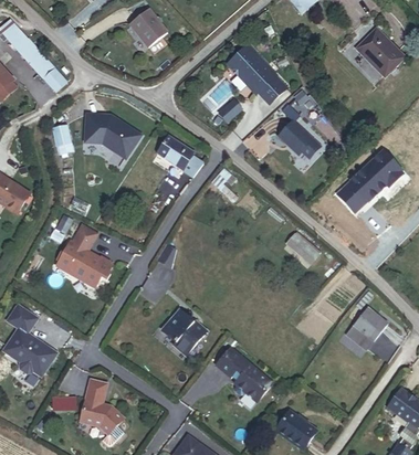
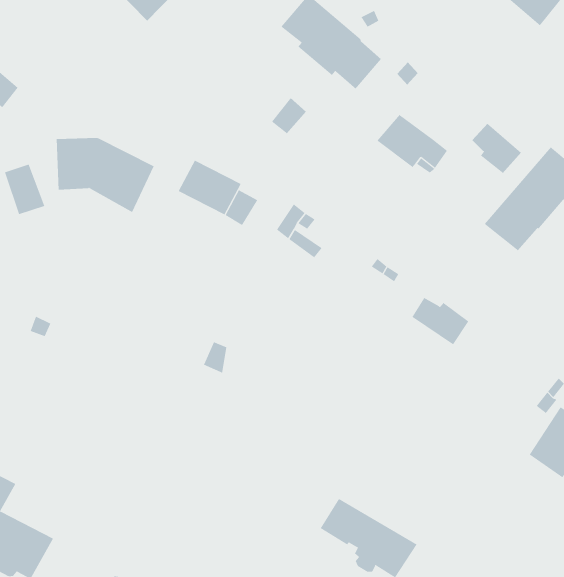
building: none -> [472,123,522,174]
building: [56,224,111,287] -> none
building: [163,309,207,355] -> none

